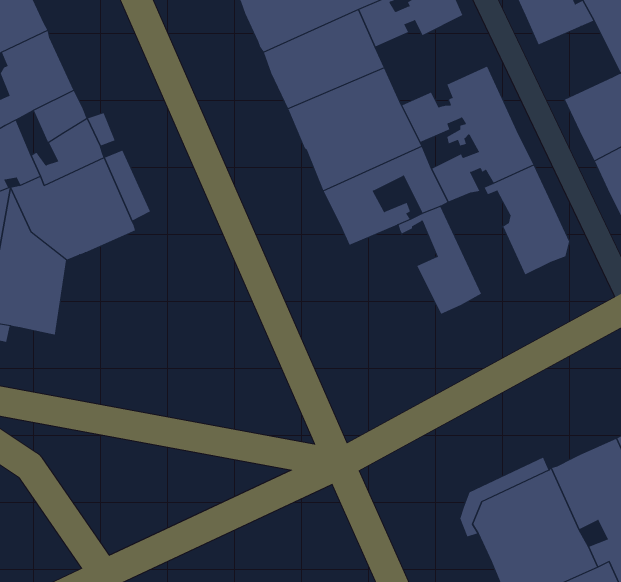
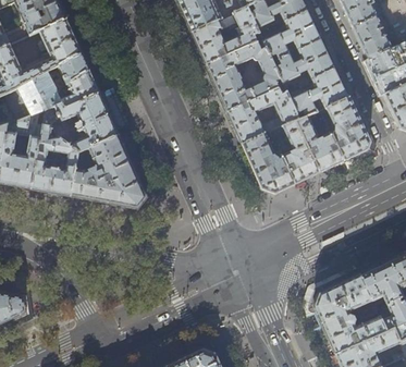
building: none -> [262,10,322,62]
building: none -> [352,16,395,59]
building: none -> [295,113,344,172]
building: none -> [242,132,295,194]
building: none -> [71,135,146,208]

